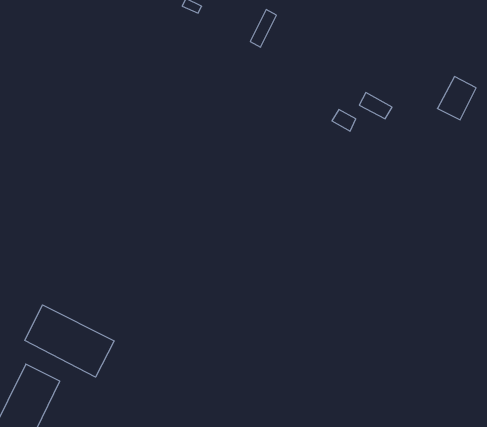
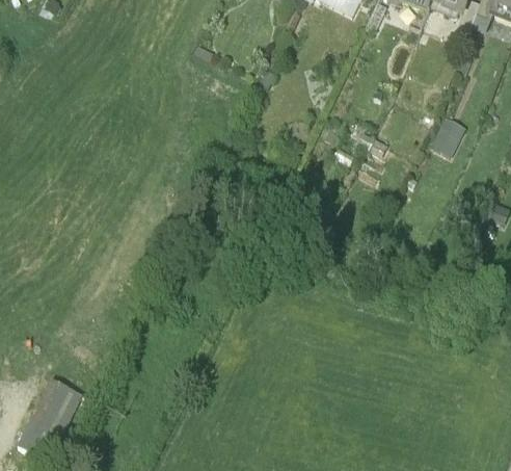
building: [25,305,114,377] -> none

